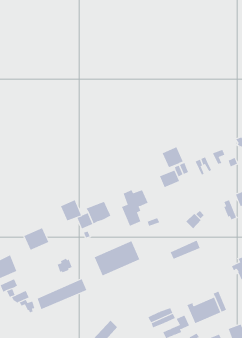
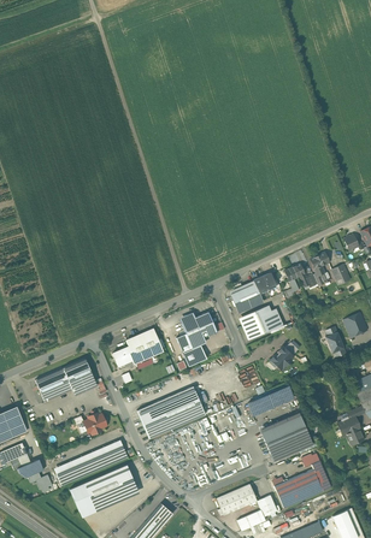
building: [162,147,183,168] -> [243,306,275,337]
building: [60,200,82,221] -> [63,357,94,389]
building: none -> [261,416,313,461]
building: none -> [70,463,140,518]

